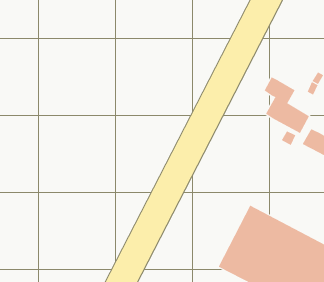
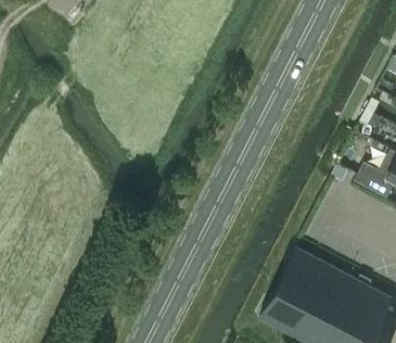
building: [264,76,310,134] -> none

